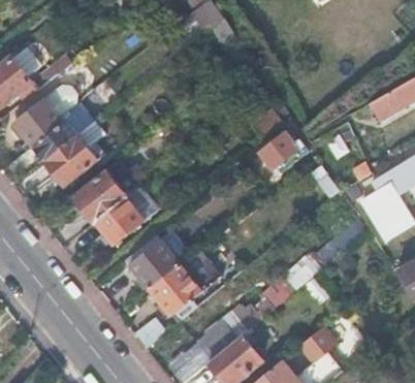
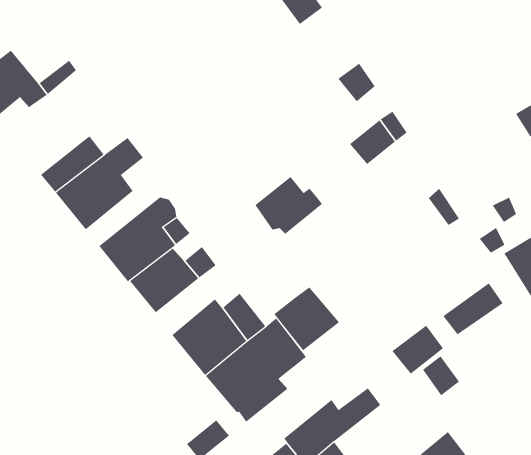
building: [13,86,78,147] -> none
building: [260,131,309,172] -> [254,176,323,234]
building: none -> [273,287,340,351]

